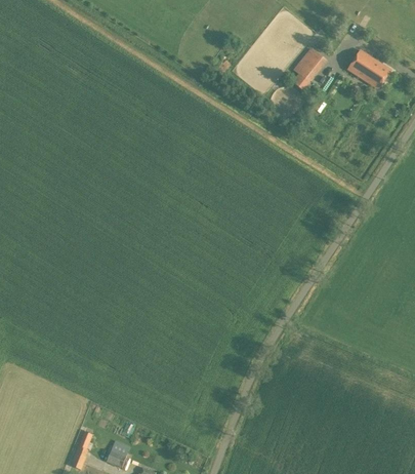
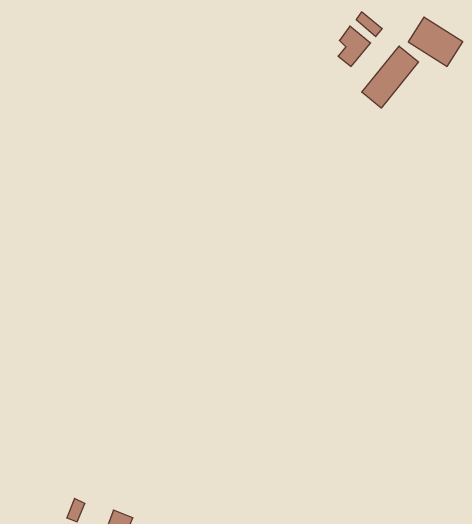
building: none -> [362,46,419,108]

